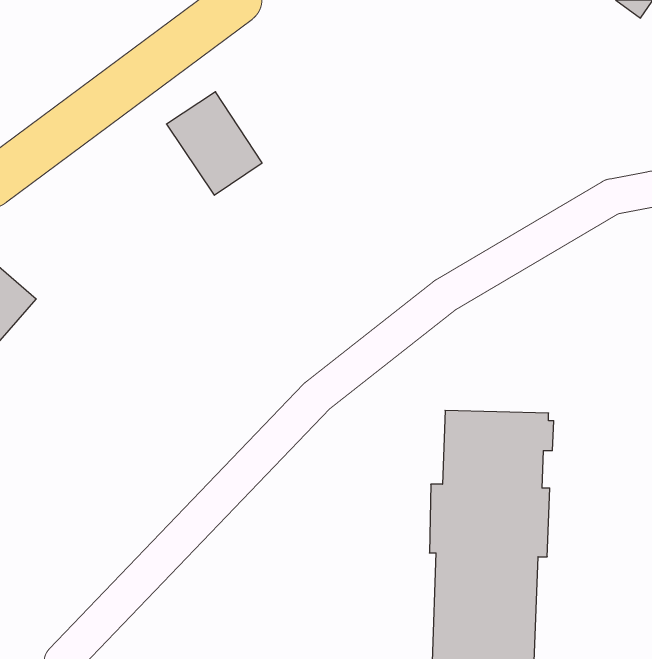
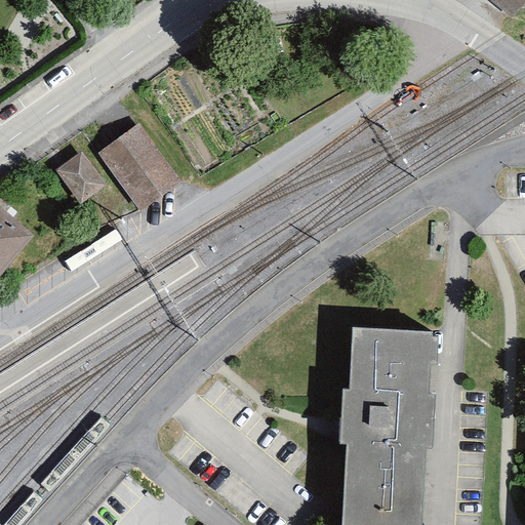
building: [166,92,262,195] -> [95,125,171,207]
building: none -> [55,152,104,204]

